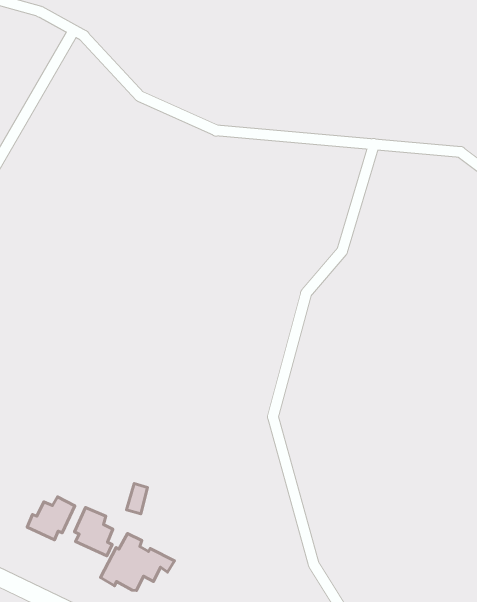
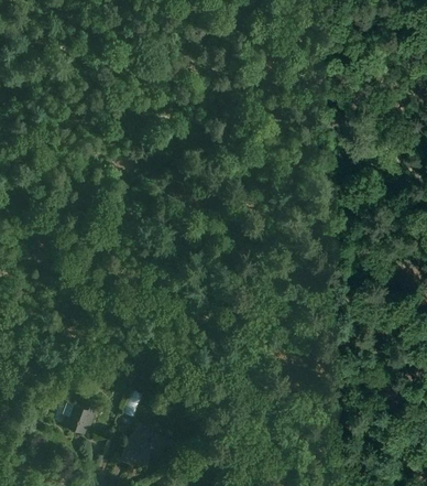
building: [75,508,113,556] -> none

